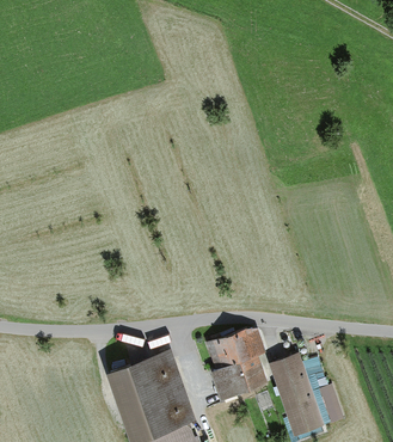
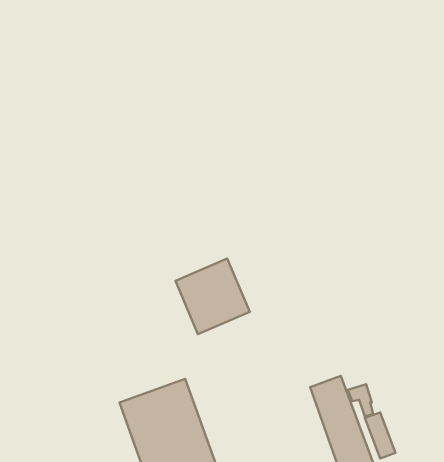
building: [202,333,265,398] -> [175,258,250,334]

